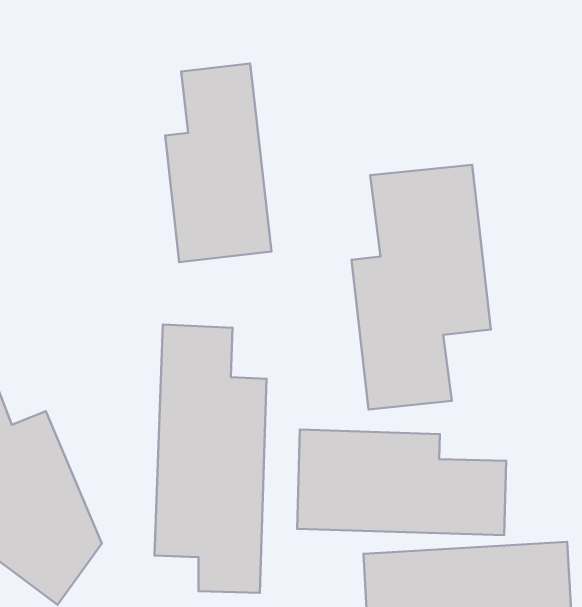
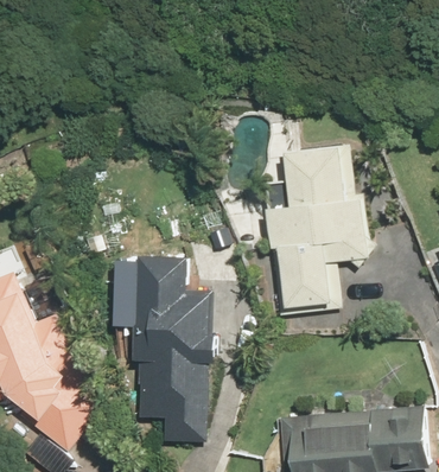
building: [165,64,272,262] -> none
building: [297,429,506,535] -> none

